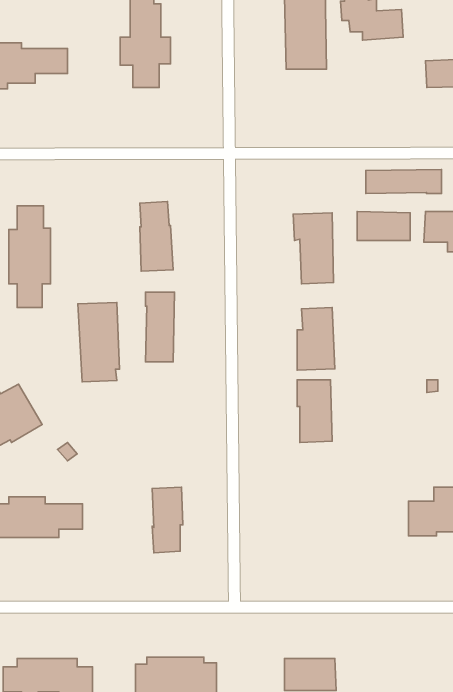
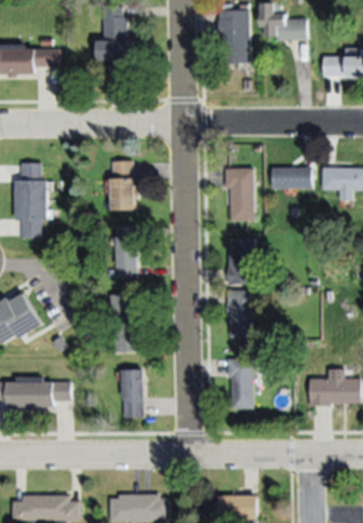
building: [366,170,442,194] -> none
building: [78,302,120,382] -> [109,294,140,352]
building: none -> [226,360,253,409]

